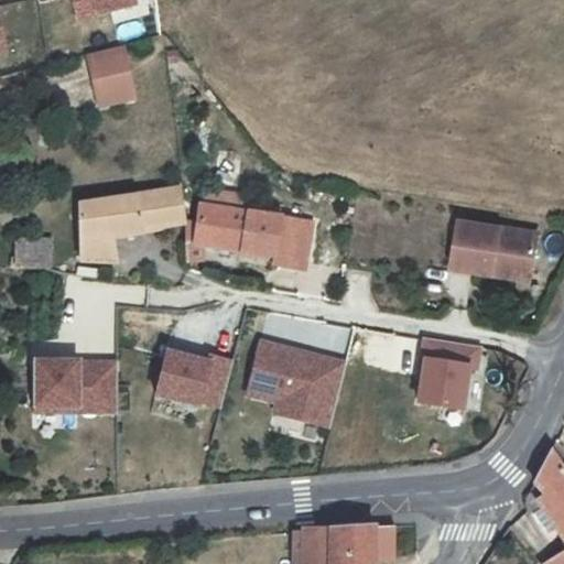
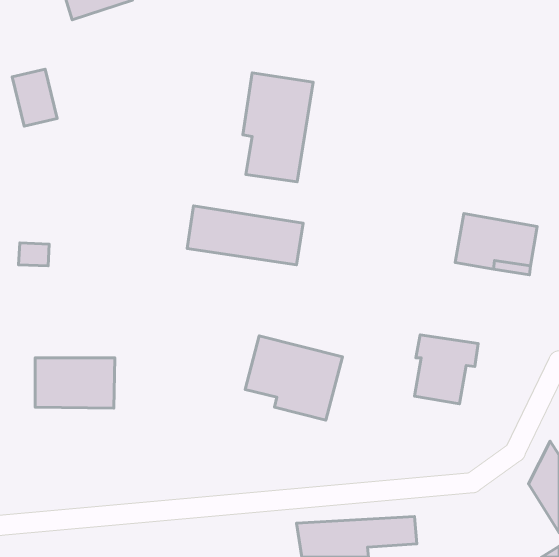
building: [87,48,132,106] -> [12,69,57,126]
building: none -> [243,73,313,182]
building: [75,194,173,263] -> none
building: [155,346,232,406] -> none

